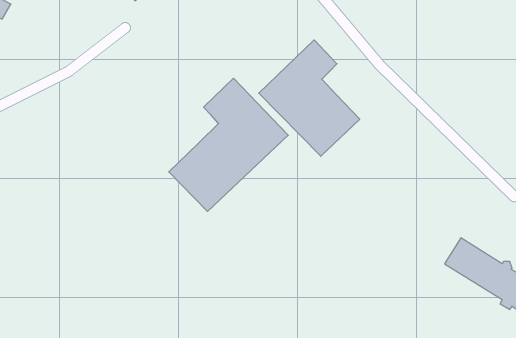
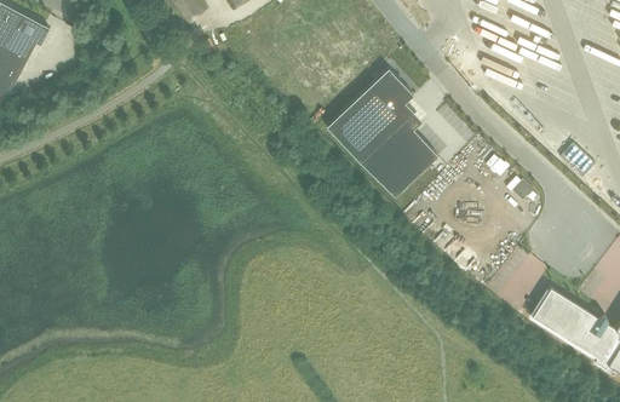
building: [169,78,288,211] -> none

